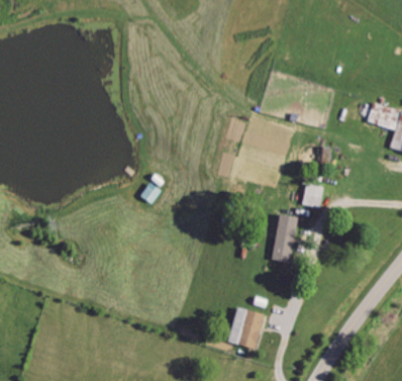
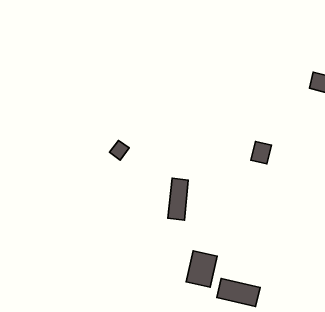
building: [272,214,295,262] -> [168,178,188,220]
building: none -> [217,278,260,306]

